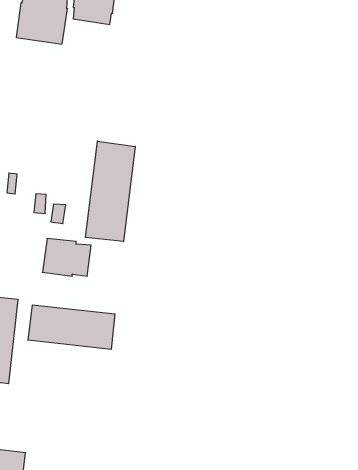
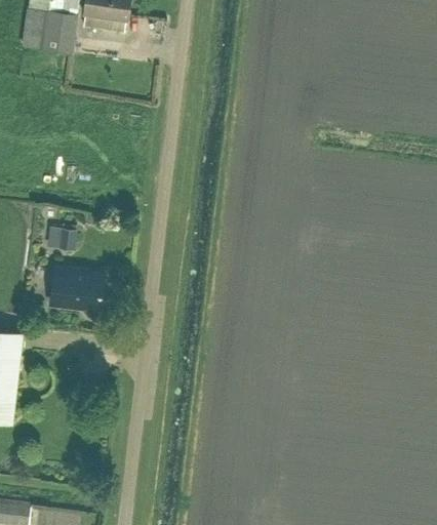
building: [85,141,135,242] -> none
building: [28,305,115,349] -> none

